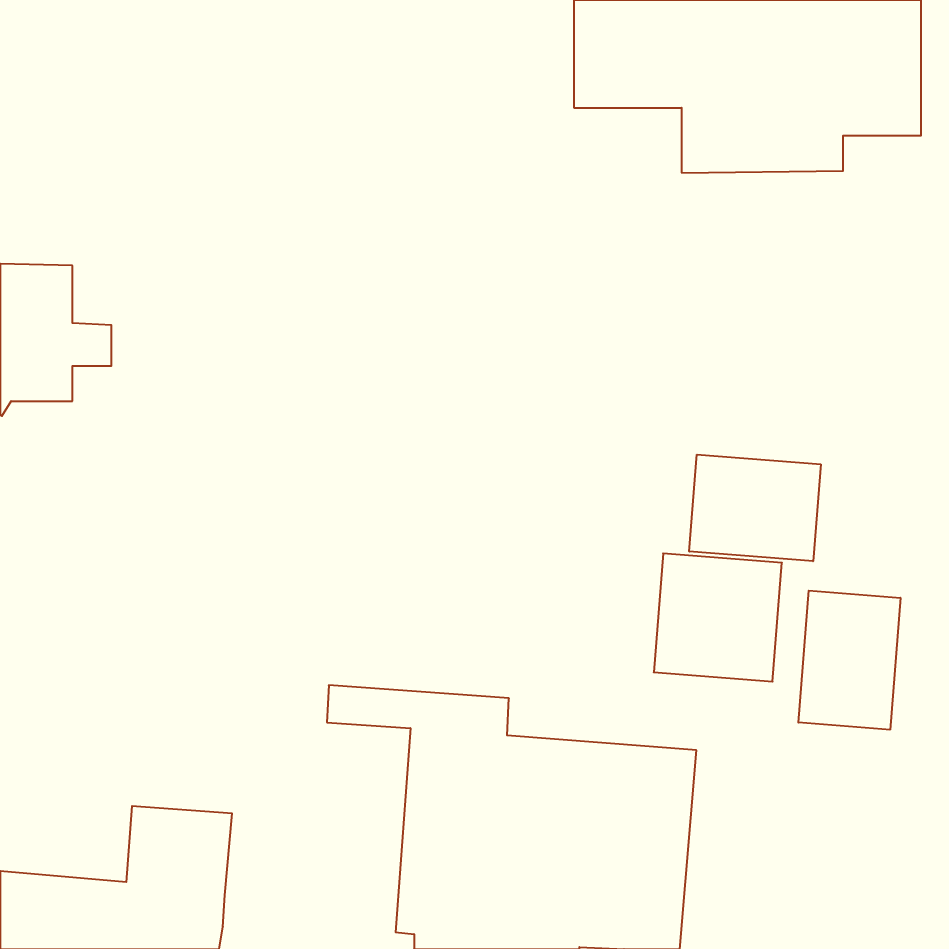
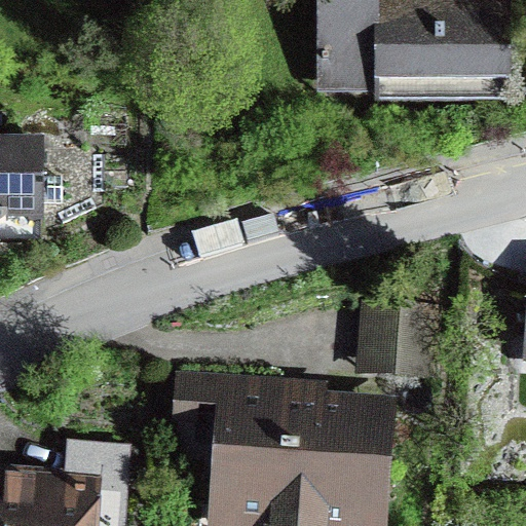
building: [689,455,821,561] -> none
building: [798,591,900,730] -> none

